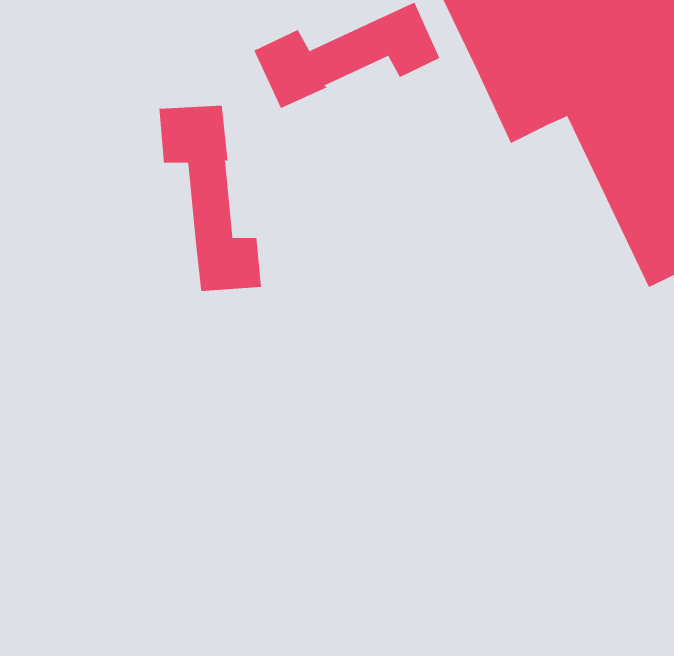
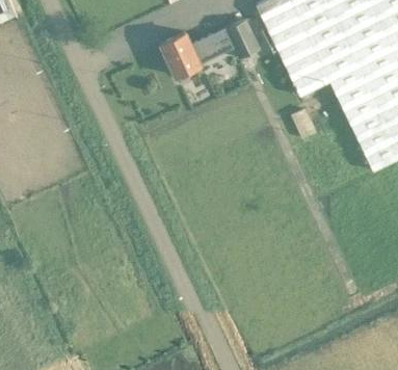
building: [159,105,262,292] -> none

